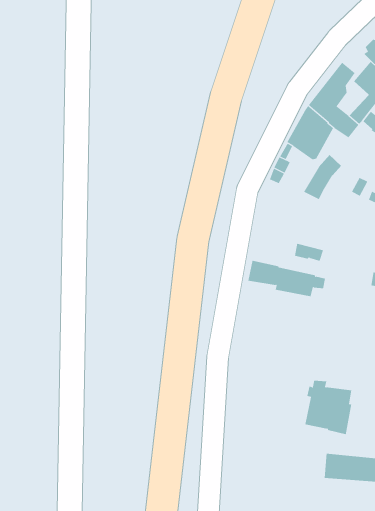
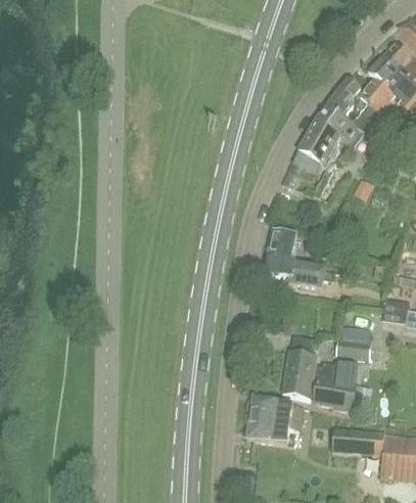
building: none -> [267,227,297,260]
building: none -> [282,334,318,398]
building: none -> [336,338,371,359]
building: none -> [246,396,304,444]

